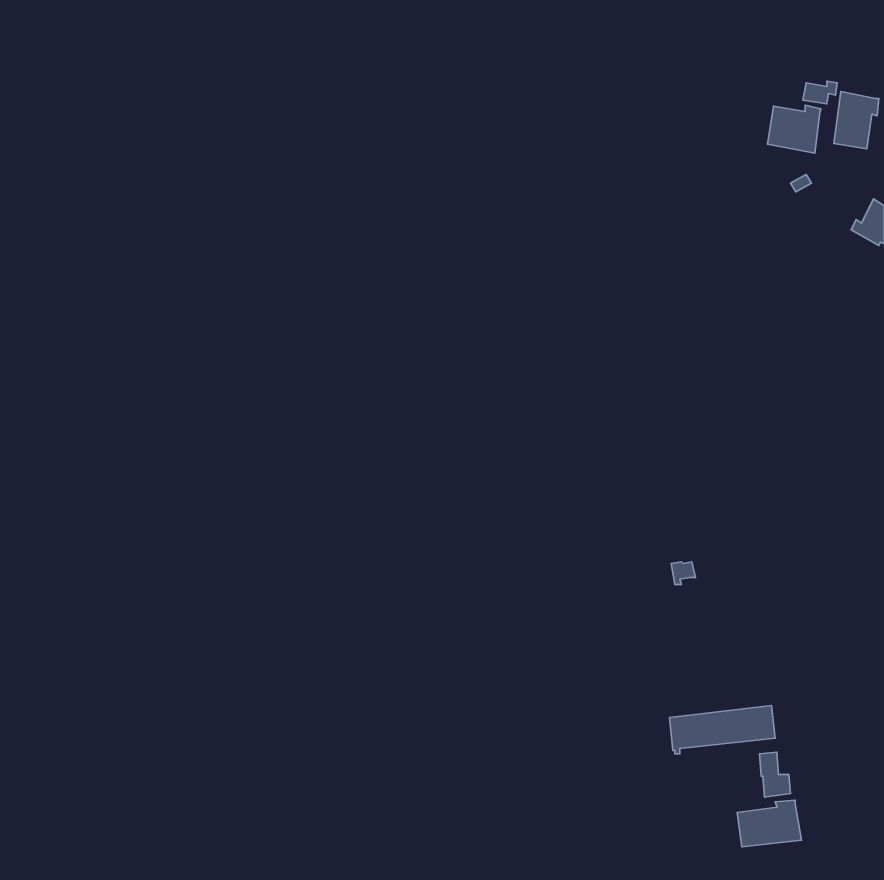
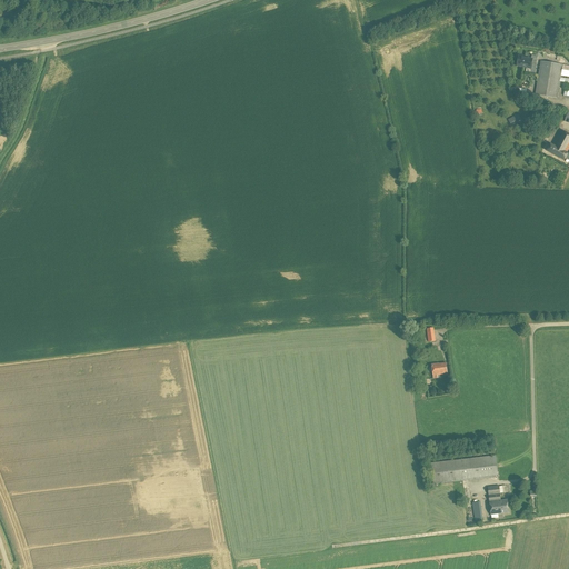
building: [767,105,821,153] -> none
building: [737,800,802,847] -> none

